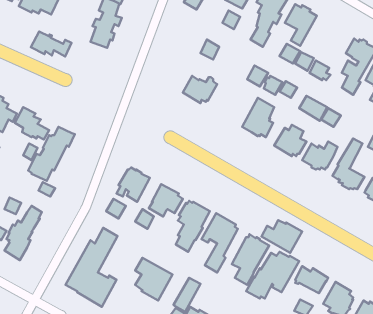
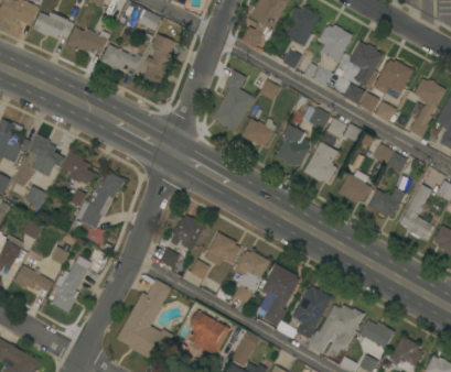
building: none -> [373,59,414,94]
building: none -> [212,70,254,131]
building: [31,31,71,56] -> [99,44,142,70]
building: none -> [275,124,310,166]
building: [261,220,302,253] -> none

